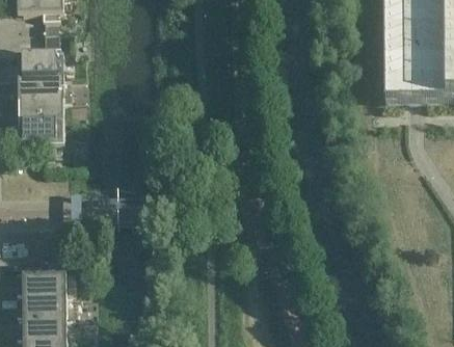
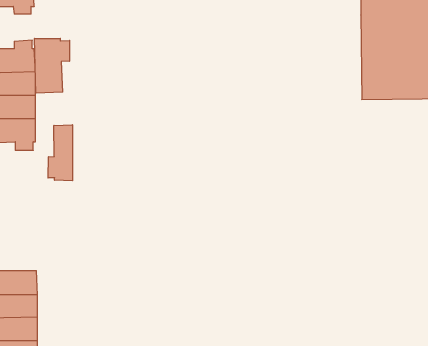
building: none -> [35,38,70,93]
building: none -> [48,125,72,181]

